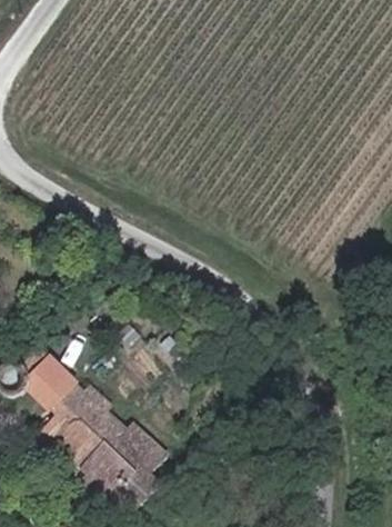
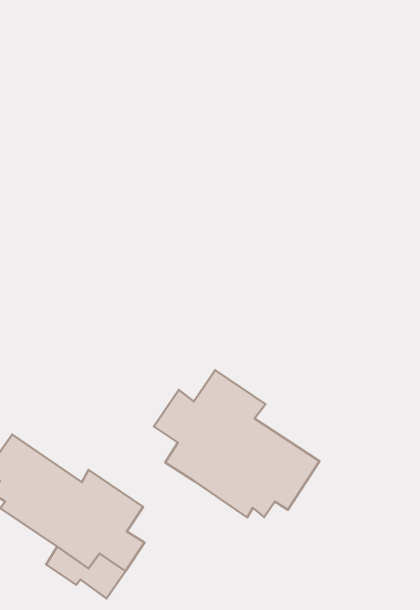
building: none -> [154,370,320,518]

